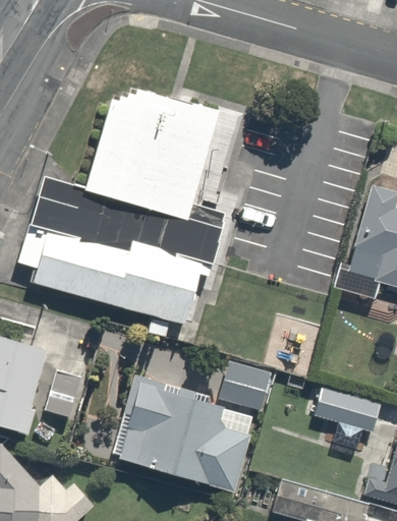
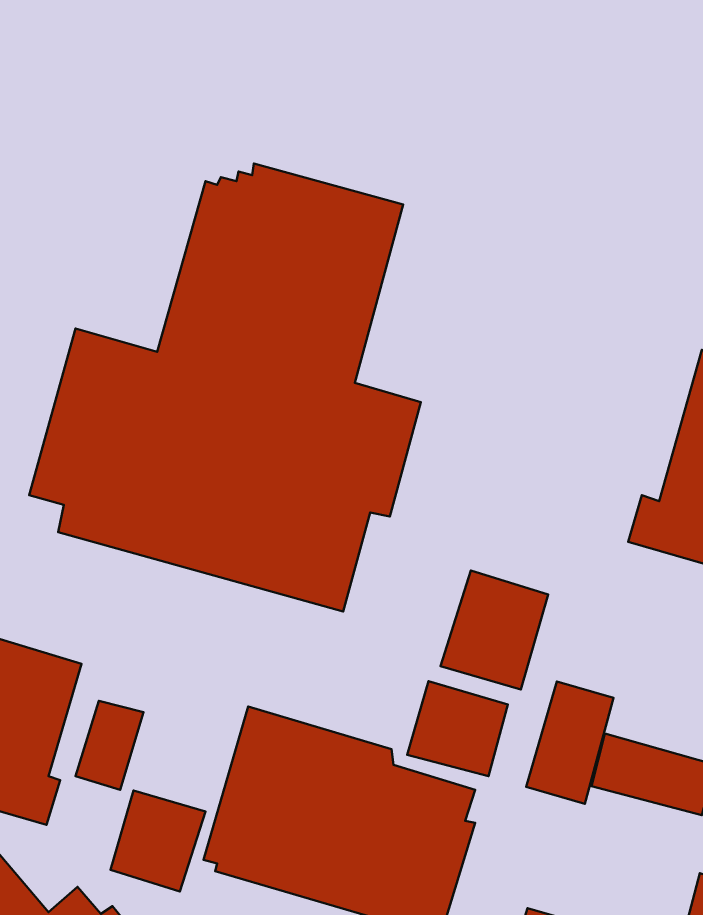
building: none -> [441,571,548,690]
building: none -> [526,682,613,804]
building: none -> [110,790,206,892]

